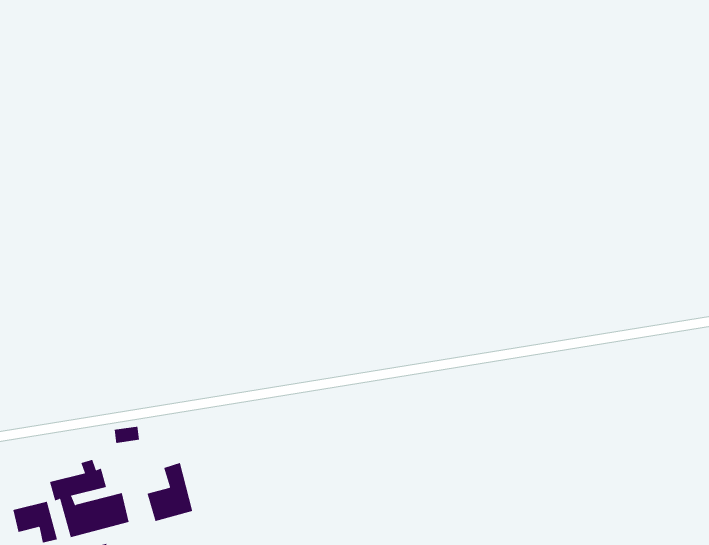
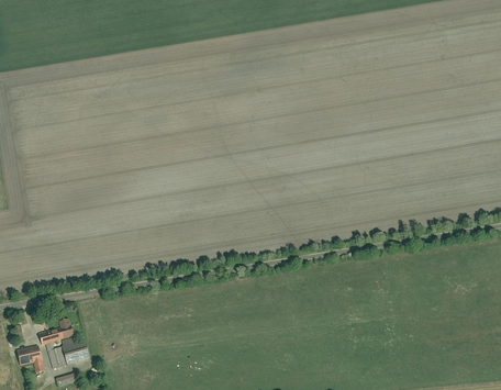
building: [147,462,193,522] -> none

